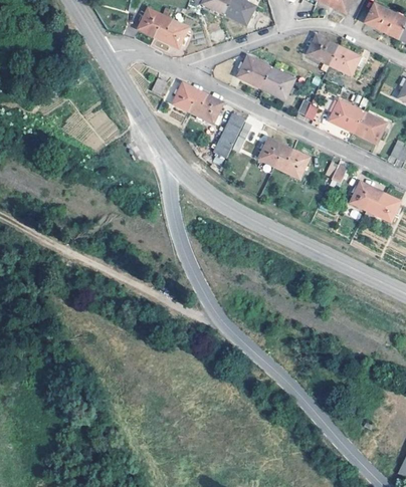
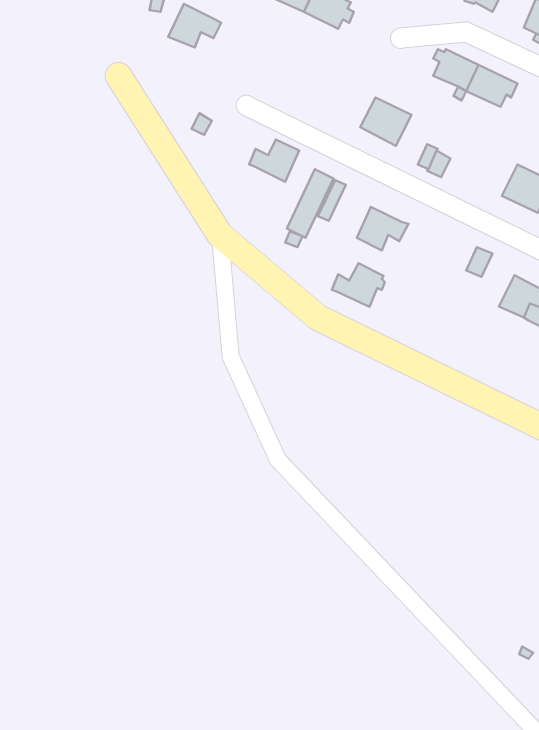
building: [155,20,187,47] -> none
building: [238,57,271,87] -> none
building: [173,83,207,111] -> none
building: [330,100,363,132] -> none
building: [275,150,310,178] -> [332,263,385,307]

